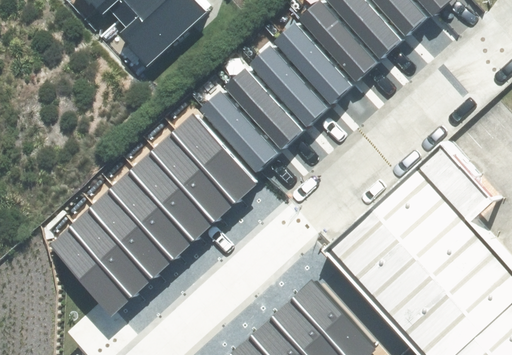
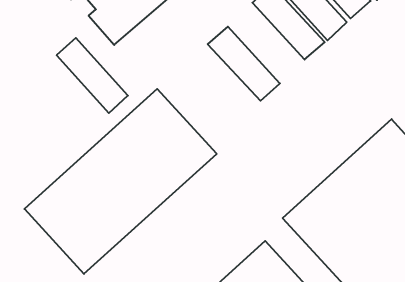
building: [272,22,350,104] -> none
building: [223,68,301,150] -> none
building: [198,91,276,173] -> [57,38,128,113]

